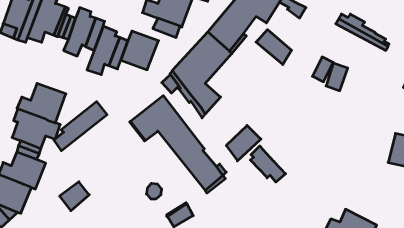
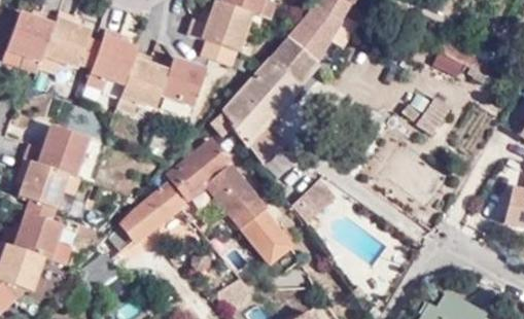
building: [256,30,292,65] -> none
building: [54,102,107,151] -> [112,188,180,251]
building: [250,146,286,182] -> none

